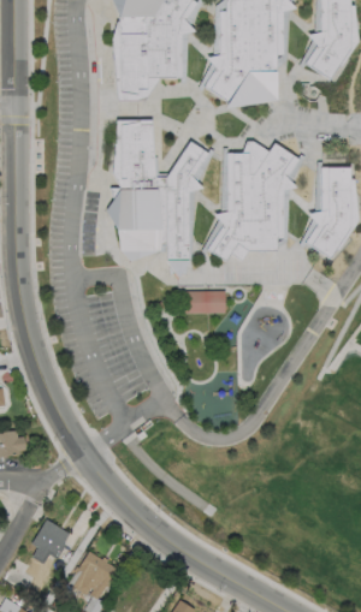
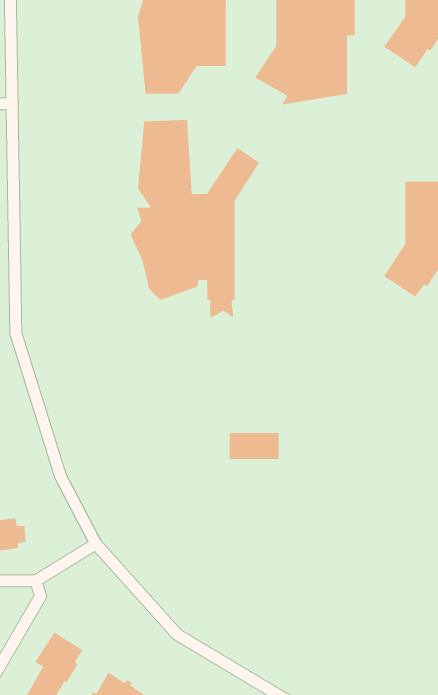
building: [207,141,298,261] -> none
building: [185,291,225,313] -> [229,432,279,460]

